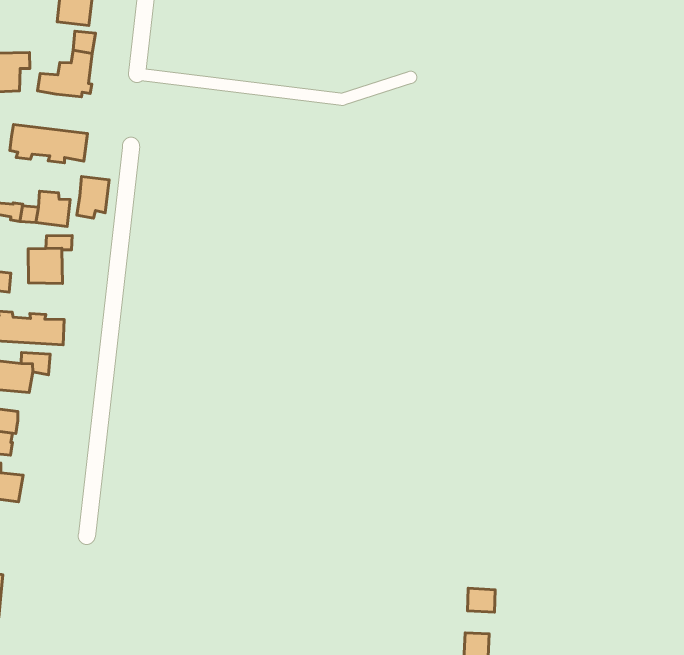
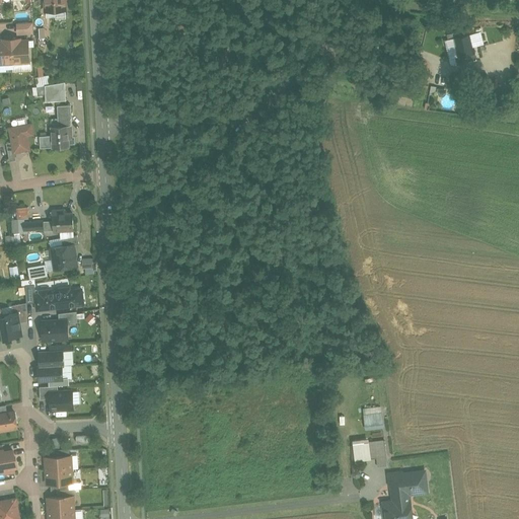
building: [10,125,88,163] -> none
building: [77,176,109,218] -> none

